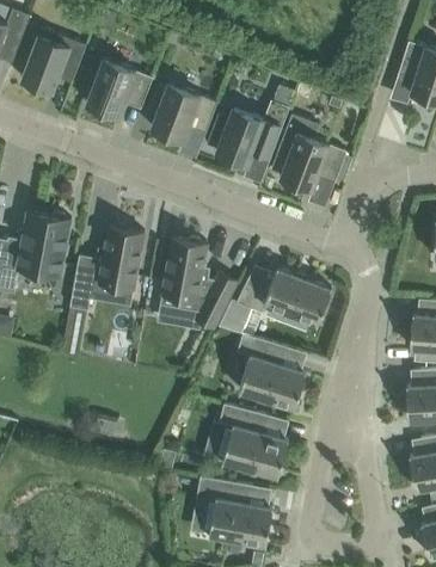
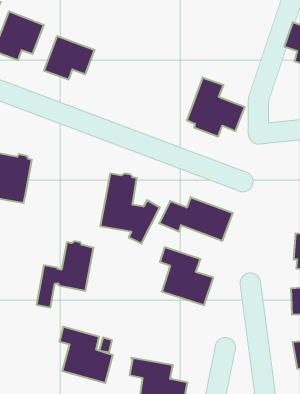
building: [147,85,216,142] -> none
building: [207,86,294,166] -> none
building: [69,226,143,312] -> [37,241,94,308]
building: [219,405,288,477] -> [59,327,113,383]

